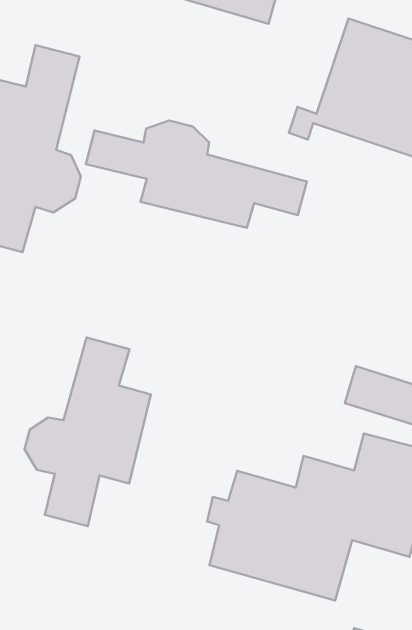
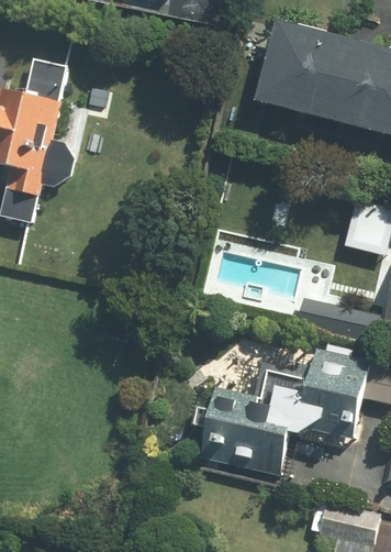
building: [86,120,307,228] -> none
building: [25,338,151,526] -> none

